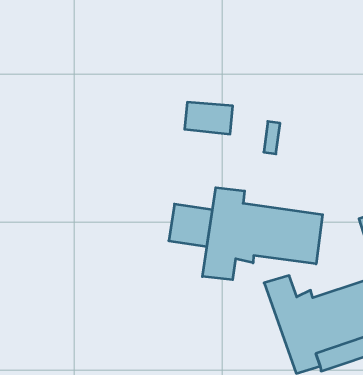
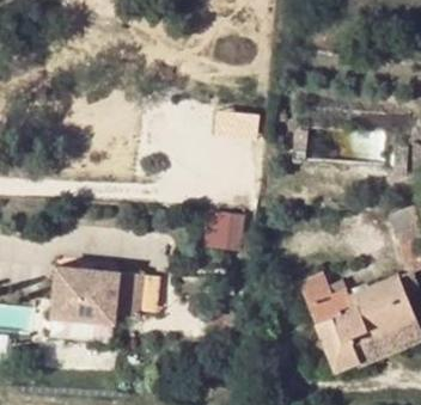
building: [202,188,323,280] -> none
building: none -> [57,266,150,325]

